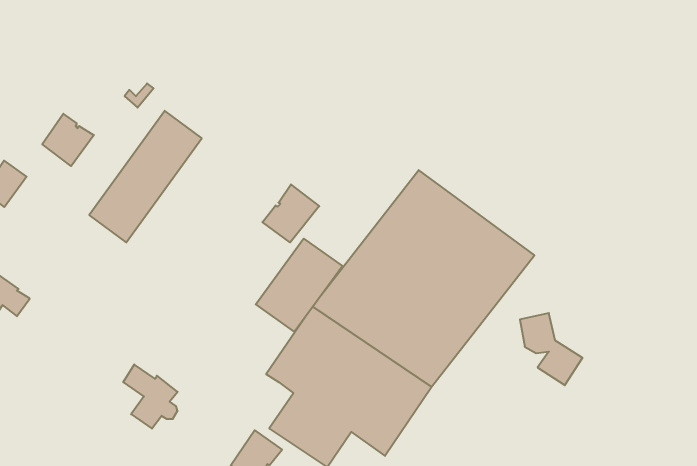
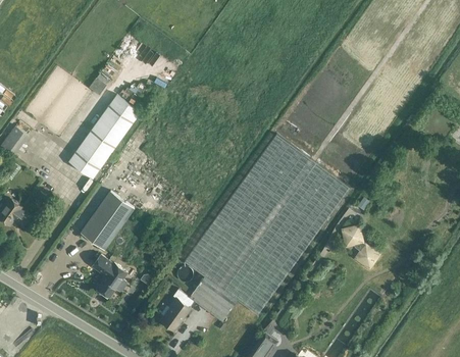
building: [42,114,94,166] -> none
building: [262,184,319,242] -> none
building: [256,239,342,332] -> [80,192,135,251]

